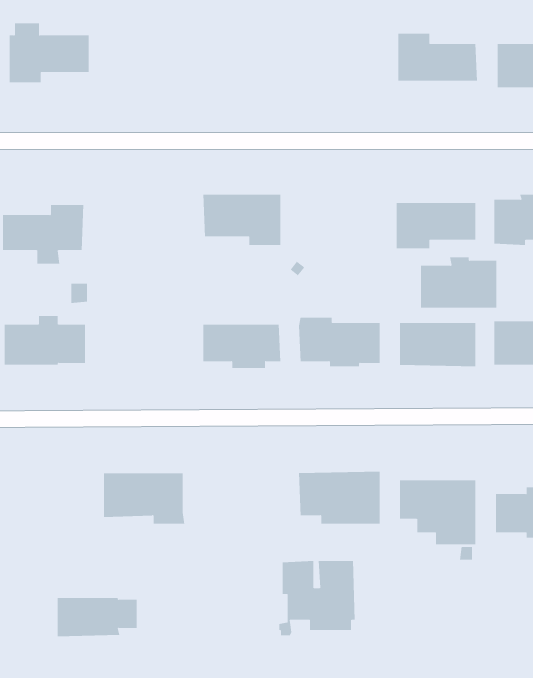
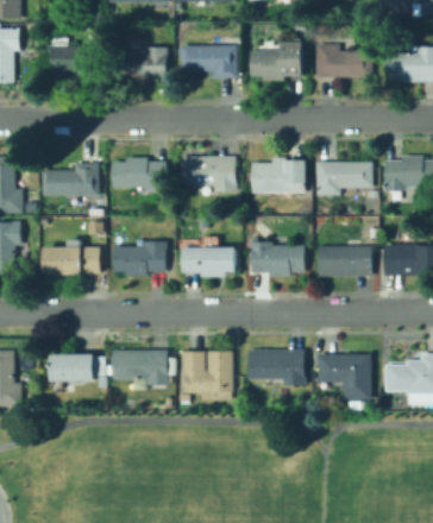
building: none -> [249,40,303,81]
building: none -> [177,45,237,78]
building: none -> [112,46,168,82]
building: none -> [112,157,168,194]
building: [420,257,497,308] -> [251,157,305,193]
building: none -> [112,241,167,276]
building: [278,560,355,636] -> [180,351,233,403]
building: [57,598,137,637] -> [50,354,106,382]

